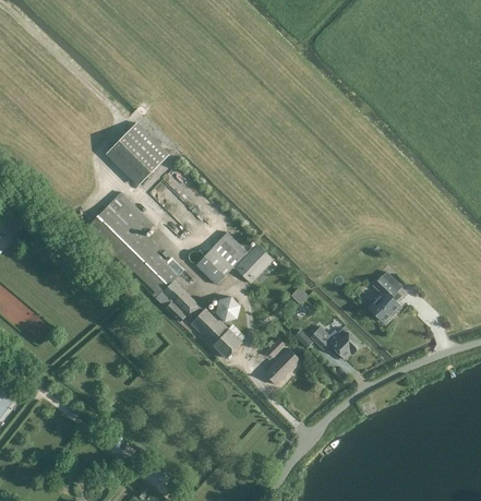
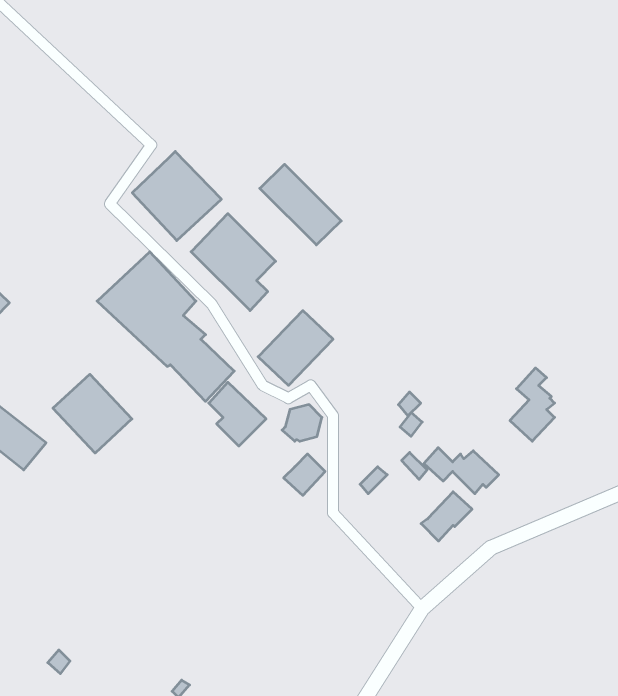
building: none -> [260,164,341,245]
building: [233,244,270,283] -> none
building: none -> [53,374,132,453]
building: [189,306,229,346] -> none
building: [265,348,300,382] -> [421,492,472,541]

